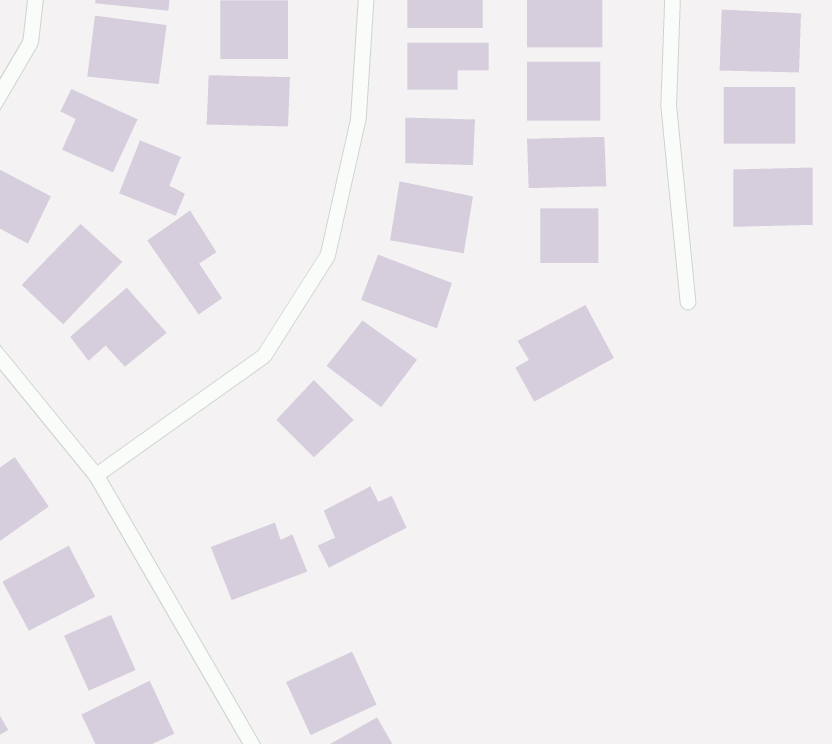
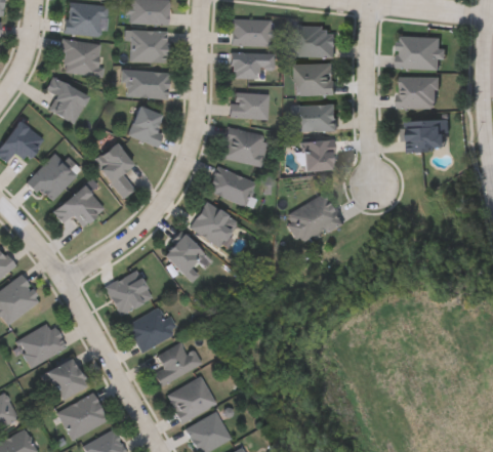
building: [118,139,186,216] -> [127,106,163,147]
building: none -> [106,271,152,315]
building: [317,486,408,568] -> [154,342,202,386]

